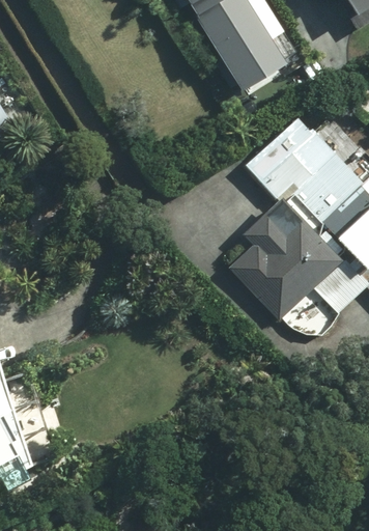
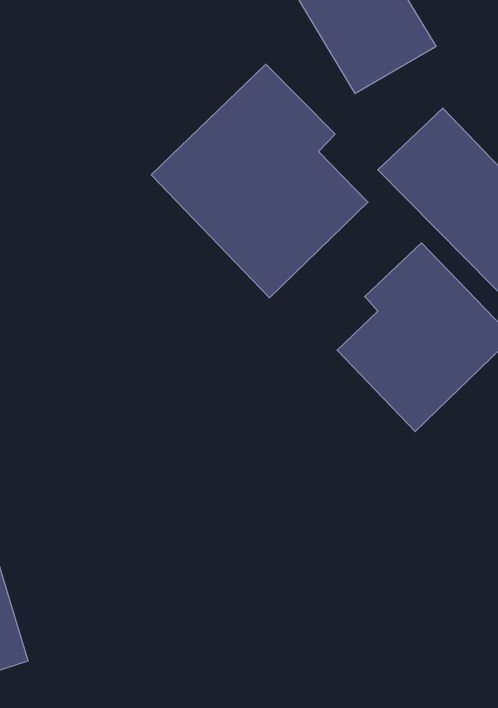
building: none -> [151,64,368,298]

